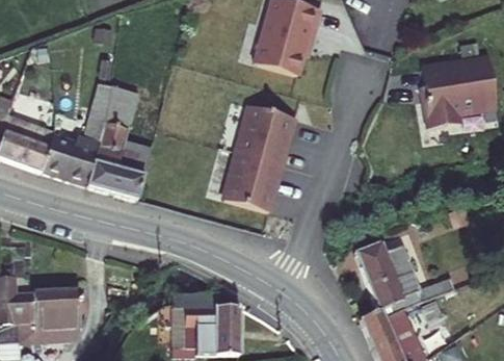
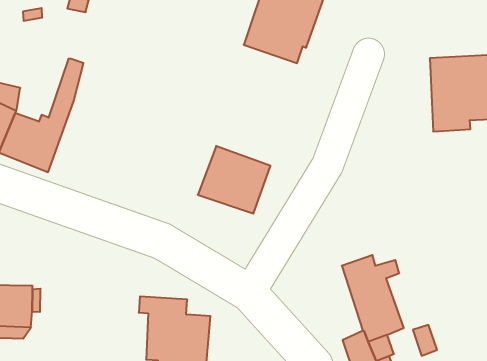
building: [86,84,151,199] -> none
building: [235,102,298,166] -> none
building: [395,255,453,304] -> none

